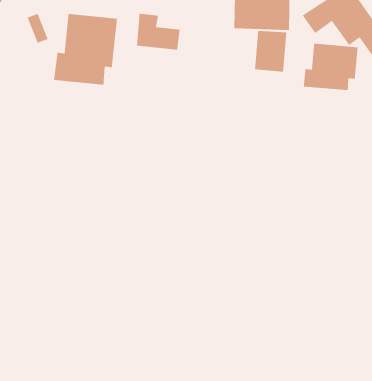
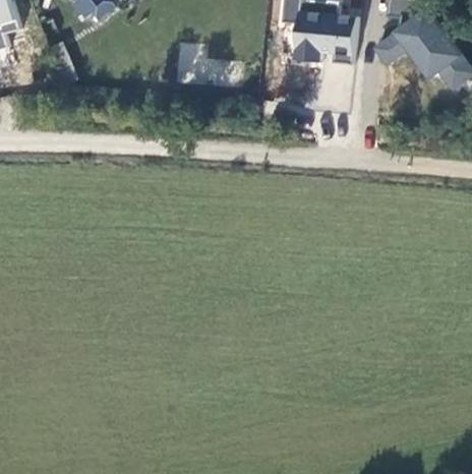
building: [54,13,118,86] -> none
building: [303,43,358,91] -> none

